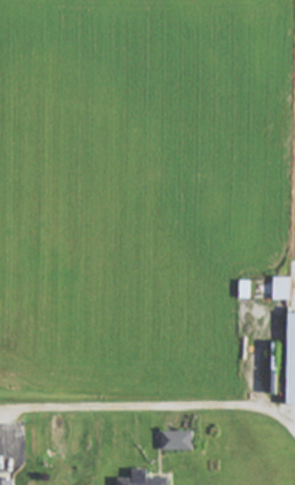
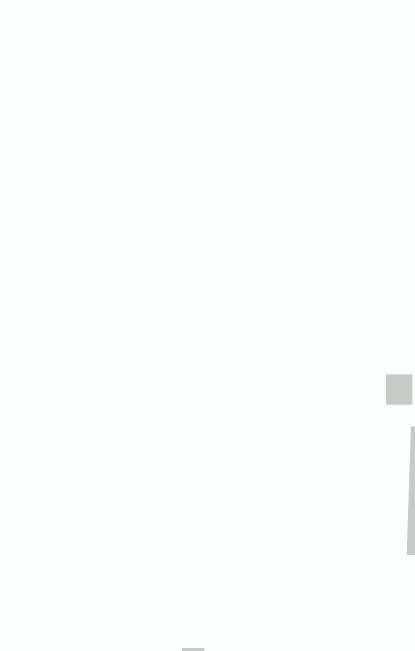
building: [159,430,187,449] -> none

